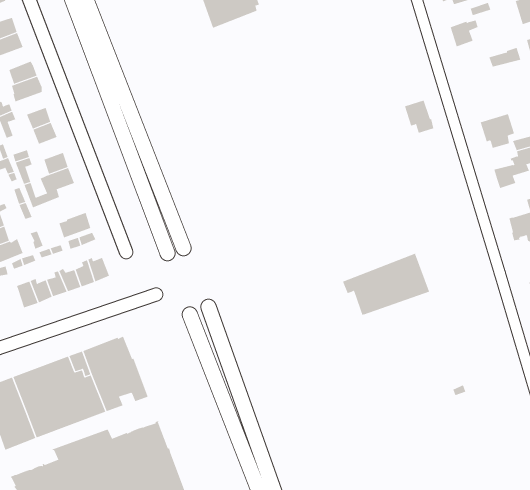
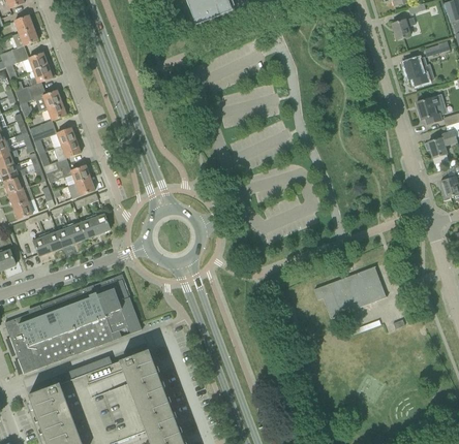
building: [404,100,434,134] -> [403,58,428,86]
building: none -> [45,164,90,183]
building: [342,253,431,316] -> [313,265,387,318]

